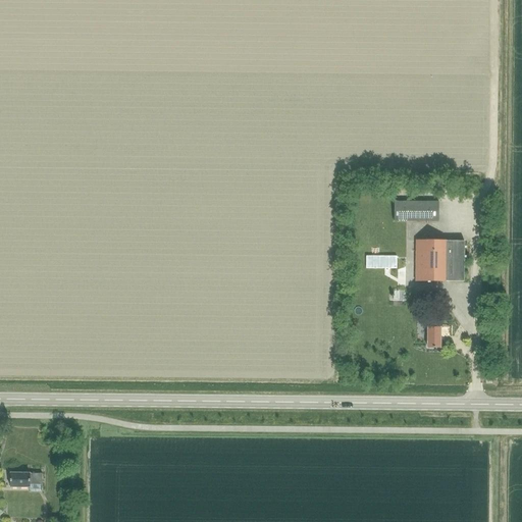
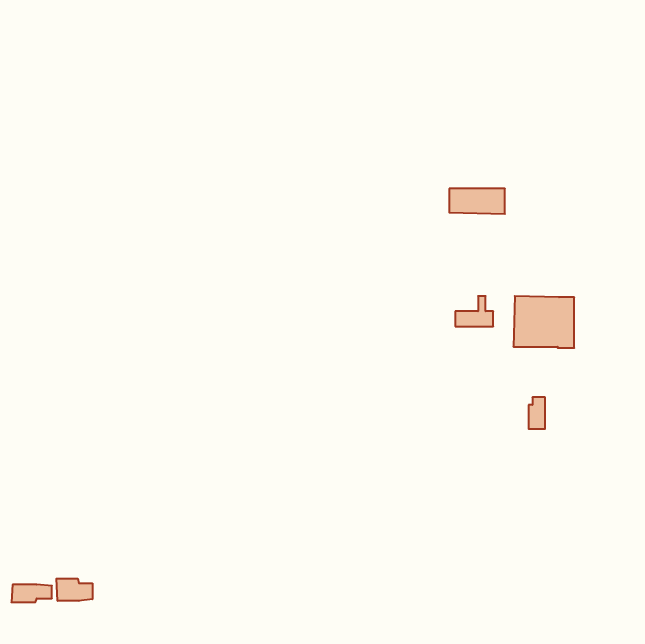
building: [393,200,437,220] -> [449,189,505,214]
building: none -> [56,579,92,601]

